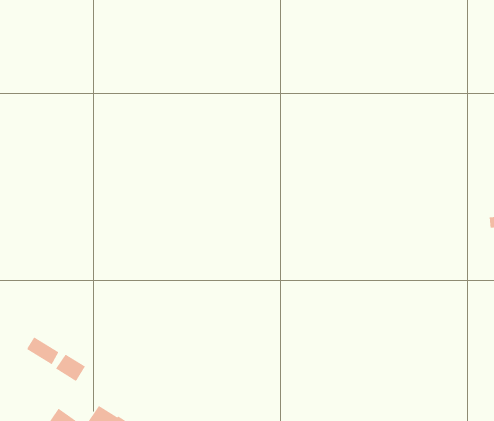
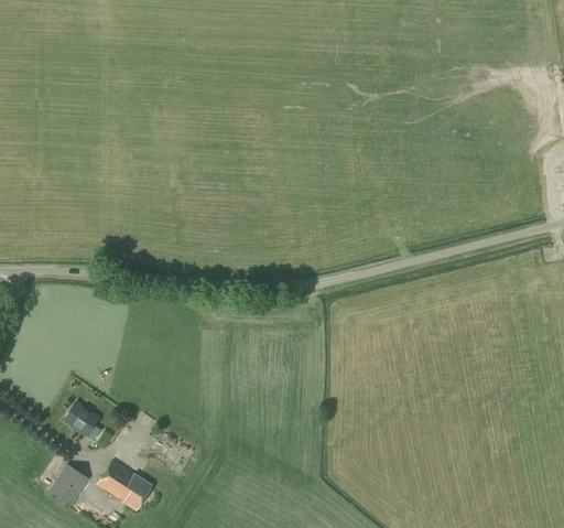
building: [27,336,59,365] -> none

